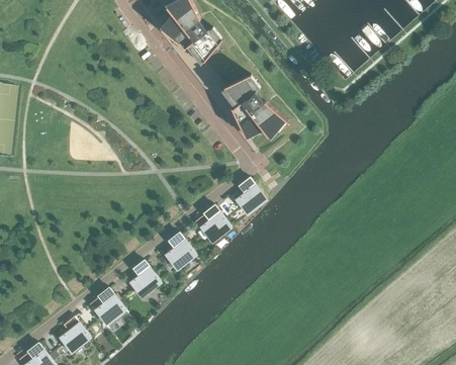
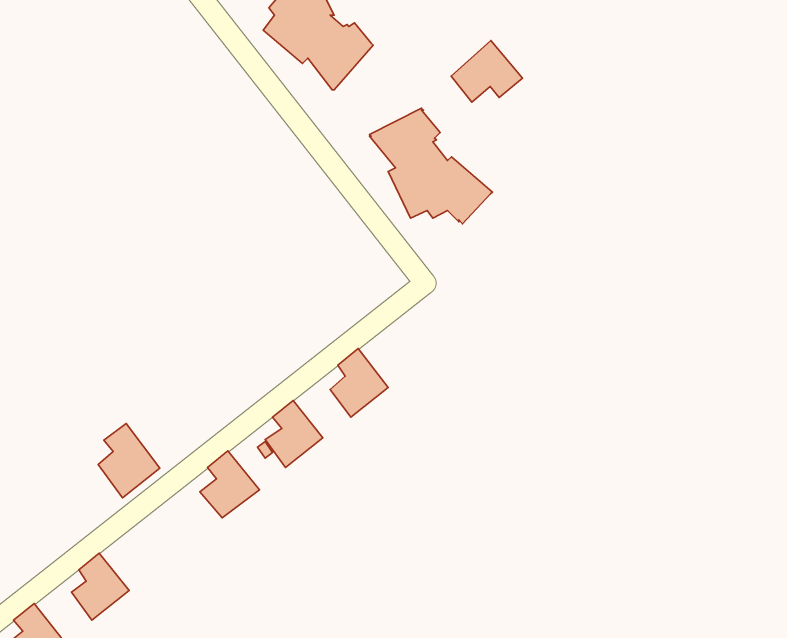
building: none -> [451,41,522,102]
building: [235,178,266,214] -> none
building: [94,288,127,329] -> [98,423,160,498]

